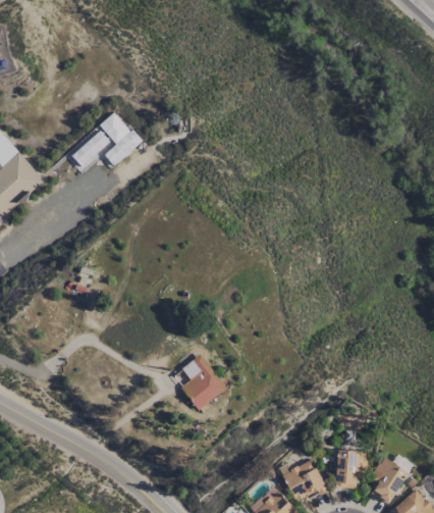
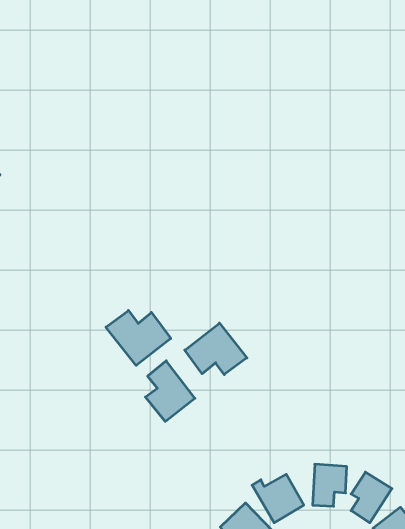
building: [65,111,141,172] -> none
building: none -> [106,310,171,365]
building: none -> [185,323,247,375]

